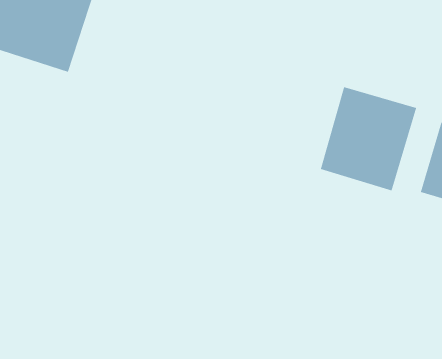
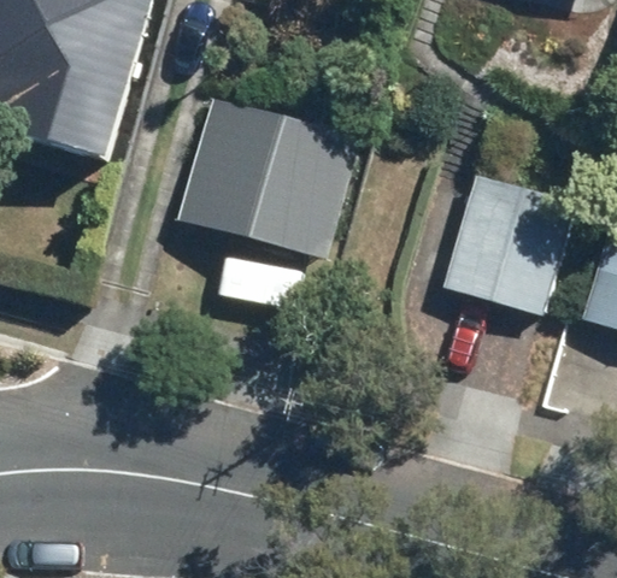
building: none -> [235,118,363,241]

